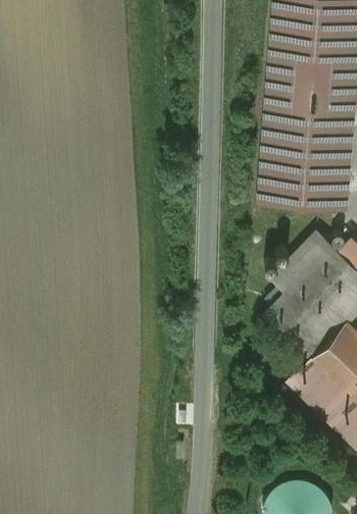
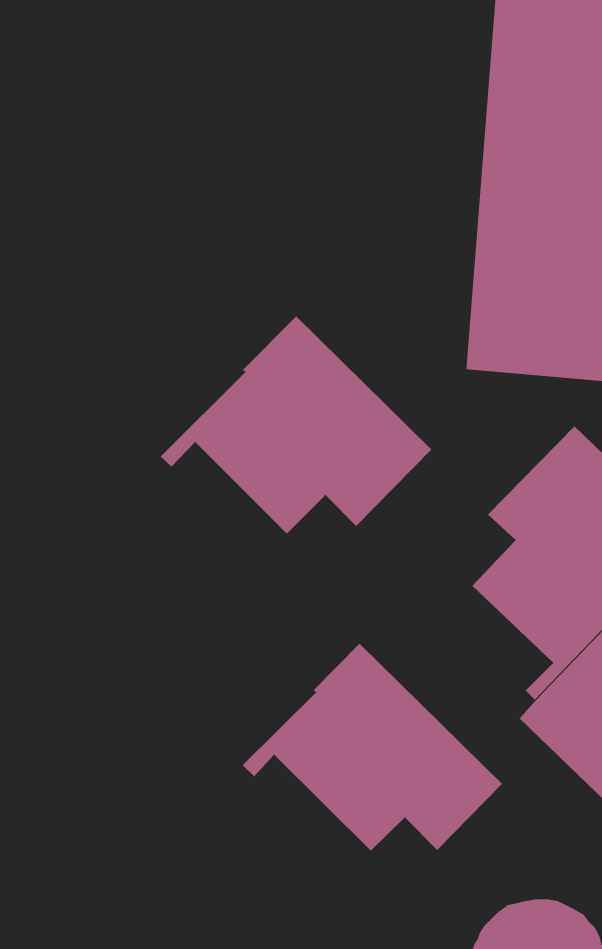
building: none -> [160,316,432,534]
building: none -> [242,643,503,852]

